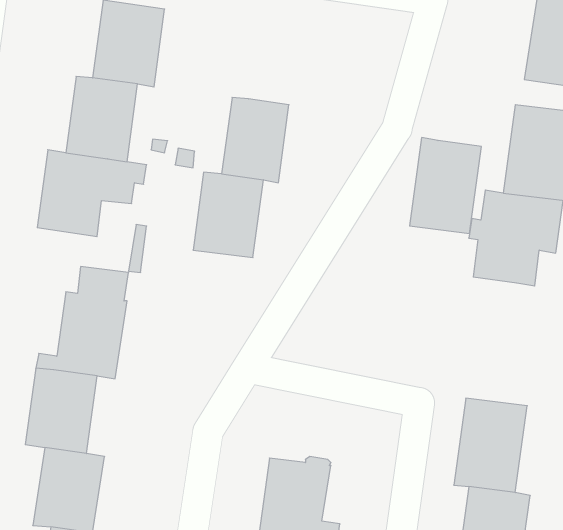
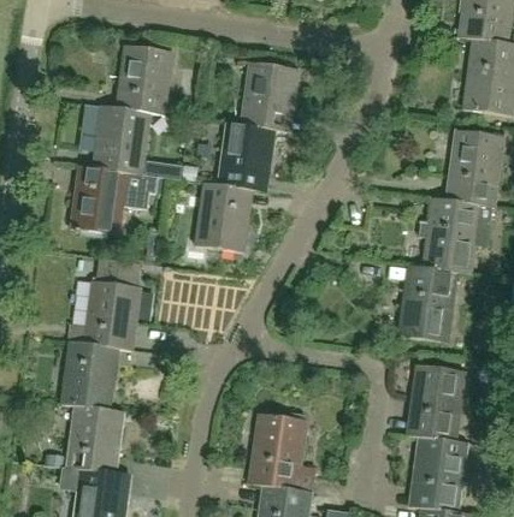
building: none -> [241,63,297,131]
building: [410,138,481,233] -> [398,265,456,341]

